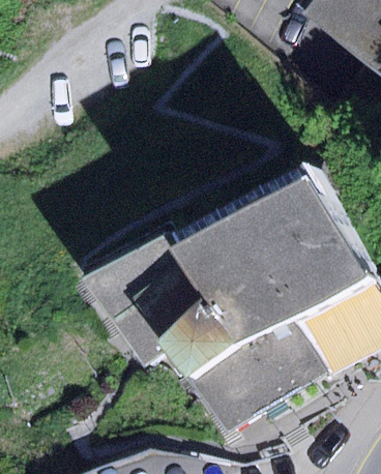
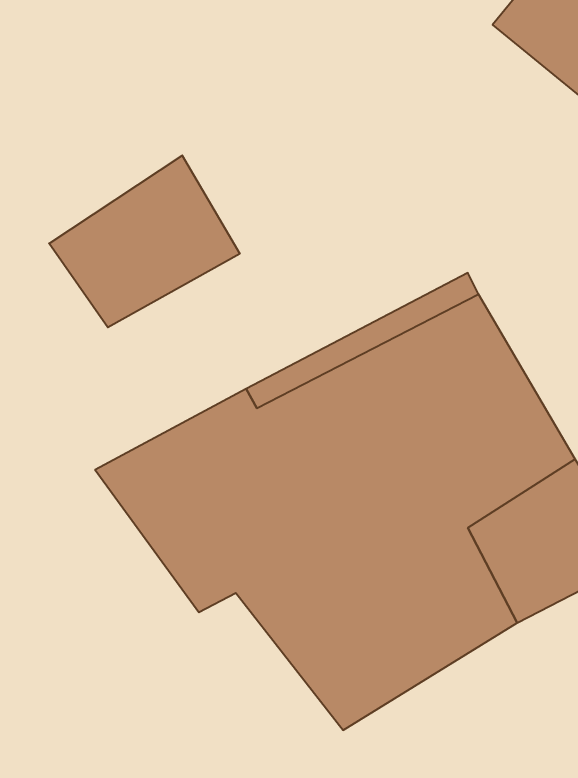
building: none -> [49,155,240,327]

